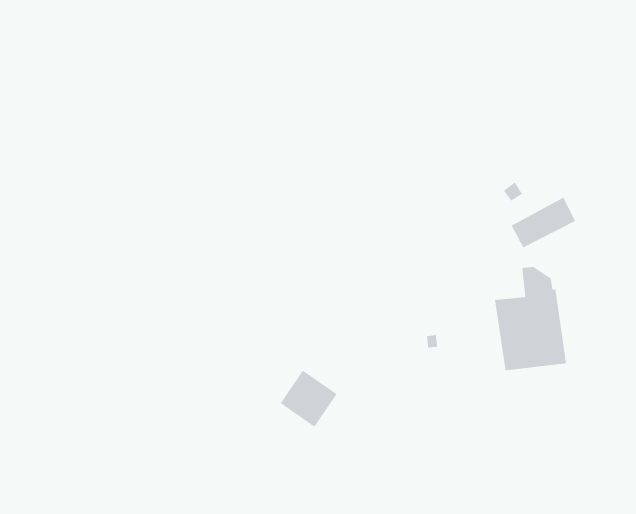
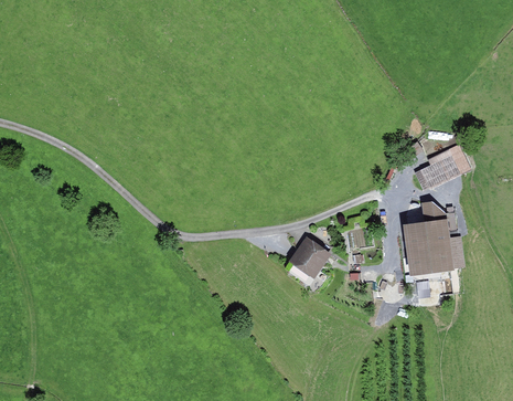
building: [280,370,337,427] -> [289,234,331,276]

